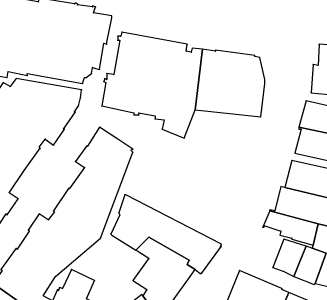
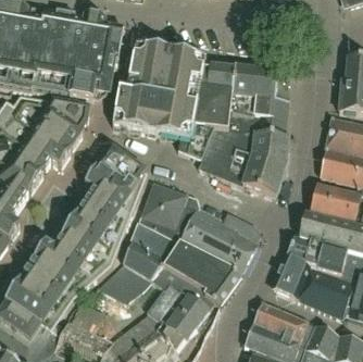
building: none -> [198,127,287,194]
building: none -> [138,179,259,272]
building: none -> [273,253,310,297]
building: none -> [96,262,151,301]

